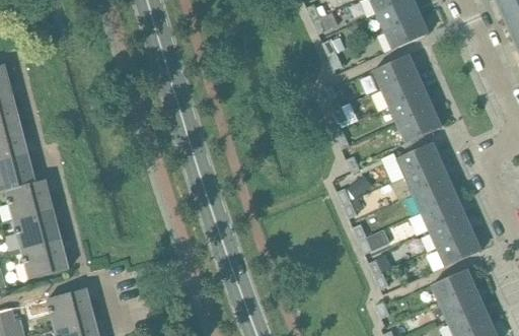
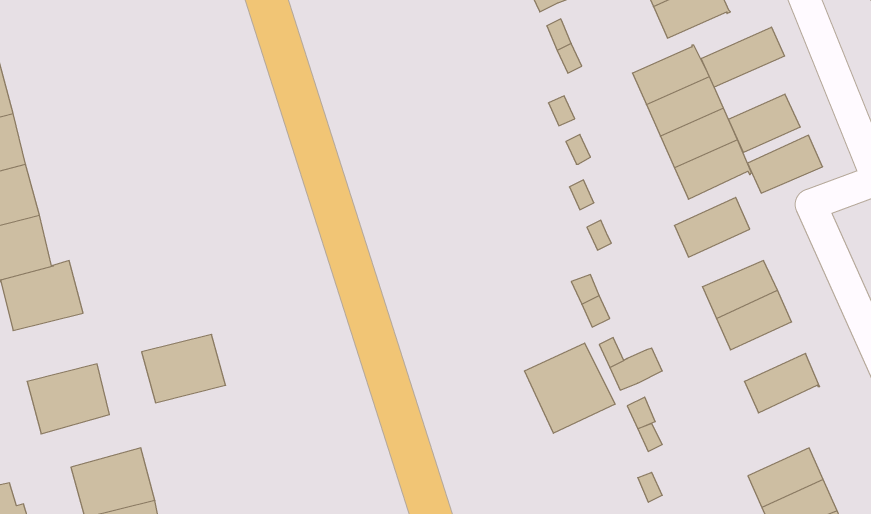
building: none -> [701,27,784,87]
building: none -> [728,94,800,152]
building: [404,160,448,194] -> [747,135,823,193]
building: [13,209,62,249] -> [142,334,226,403]
building: [429,214,472,249] -> none
building: none -> [525,343,615,433]
building: [431,268,474,304] -> none

